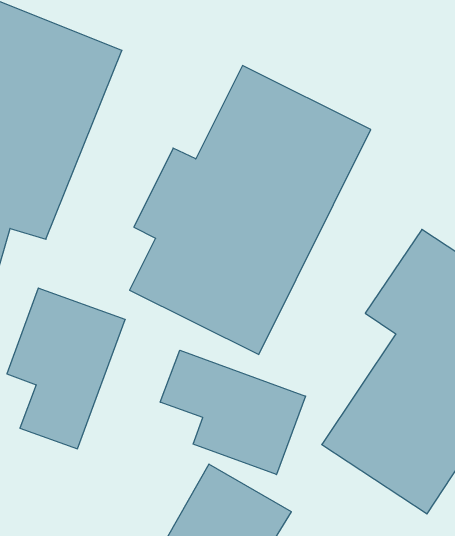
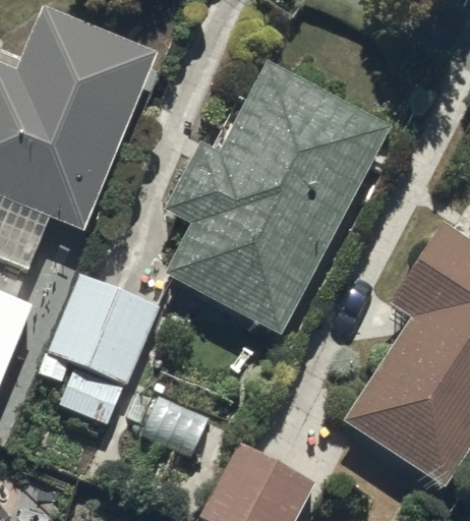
building: [160,350,306,475] -> none

